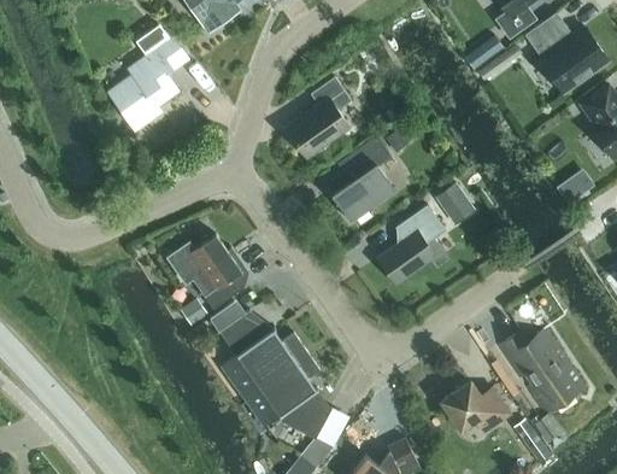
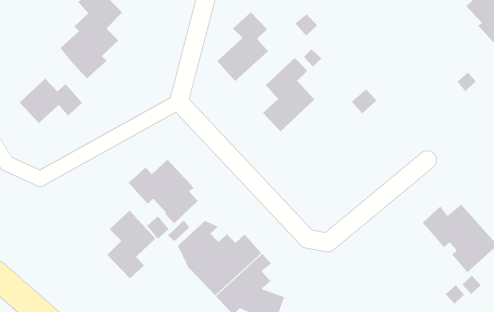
building: none -> [19,78,83,124]
building: [378,204,449,285] -> none
building: none -> [107,210,156,279]
building: [442,381,510,431] -> none

